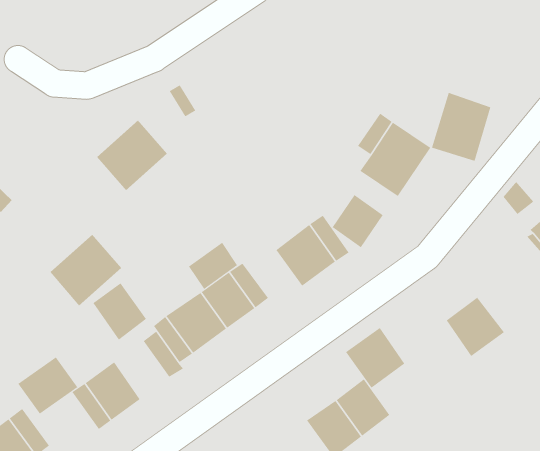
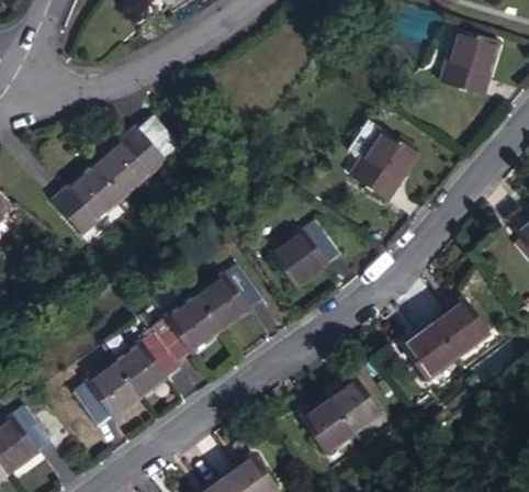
building: [431,92,491,162] -> [441,29,499,96]
building: [332,194,383,248] -> none
building: [49,234,122,306] -> [54,164,124,234]
building: [188,242,238,290] -> none
building: [92,283,147,341] -> [113,342,166,398]
building: [345,327,405,388] -> [399,322,458,381]
building: [17,356,78,414] -> none

